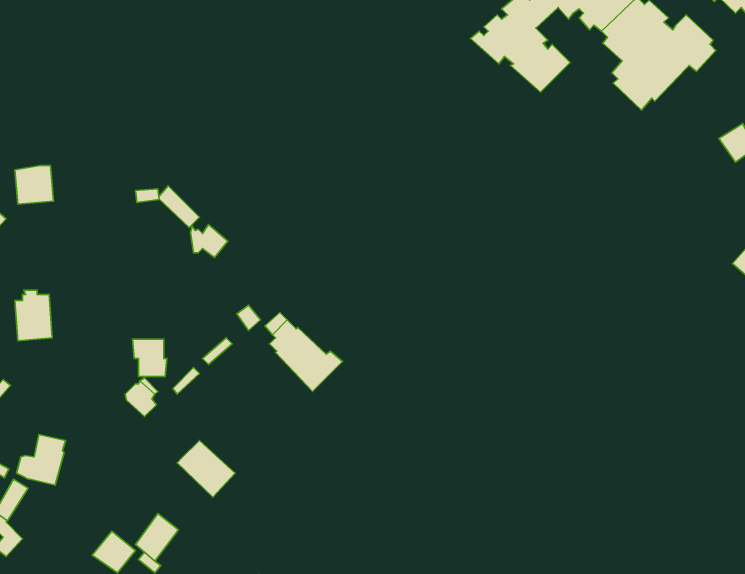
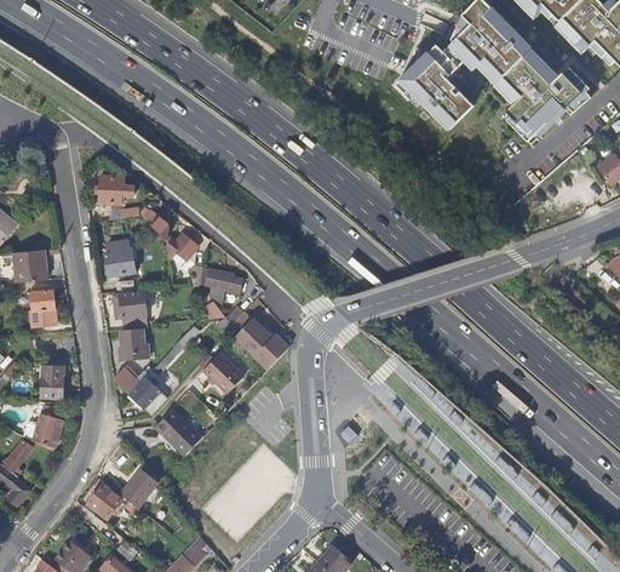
building: none -> [99,175,132,202]
building: [15,165,53,204] -> [16,250,47,281]
building: none -> [104,248,134,276]
building: none -> [201,270,245,304]
building: none -> [113,292,148,327]
building: none -> [205,353,245,396]
building: none -> [31,361,64,397]
building: none -> [128,373,170,414]

